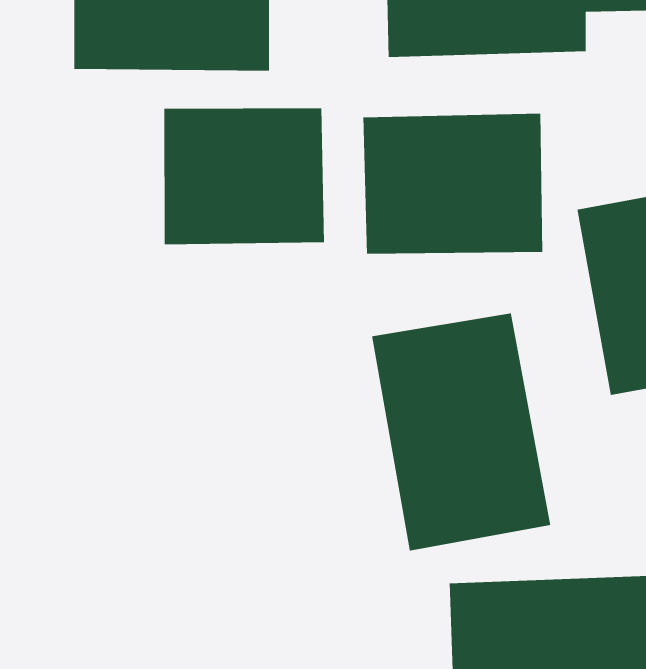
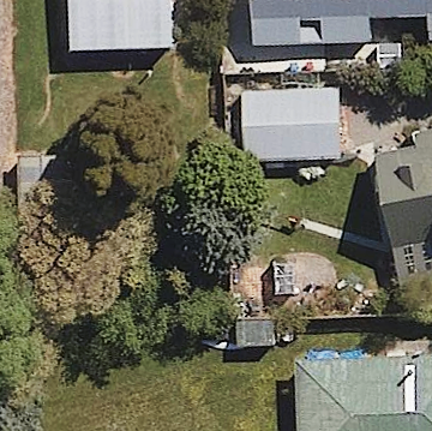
building: [163,107,325,245] -> none
building: [371,313,551,551] -> none

